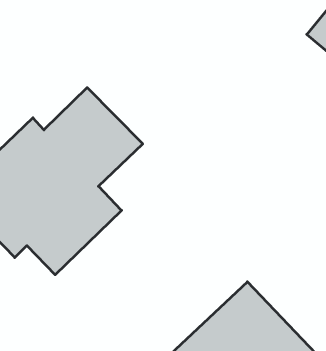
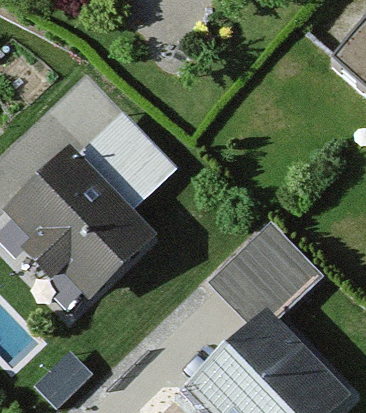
building: none -> [209,217,315,323]

